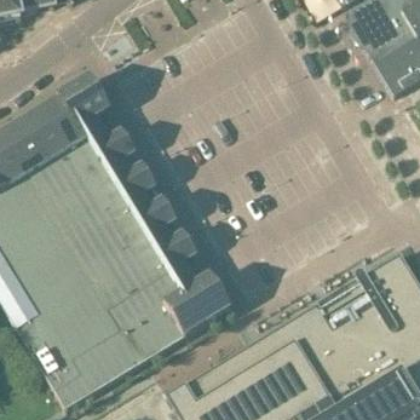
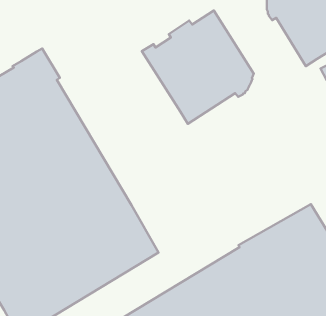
building: none -> [142,11,254,124]

